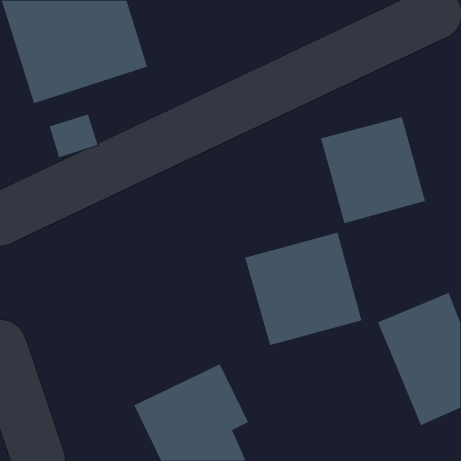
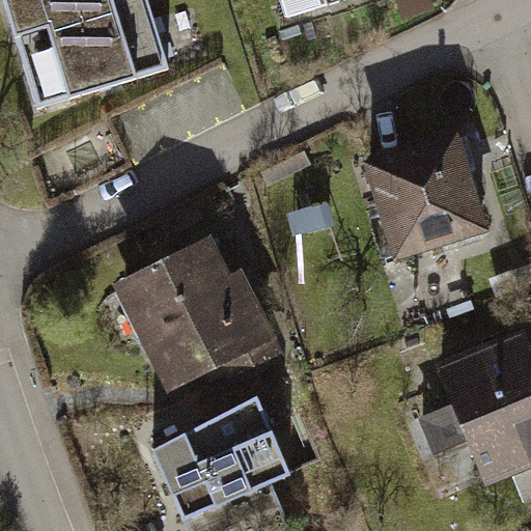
building: none -> [110,220,270,381]
building: [245,232,362,346] -> none

